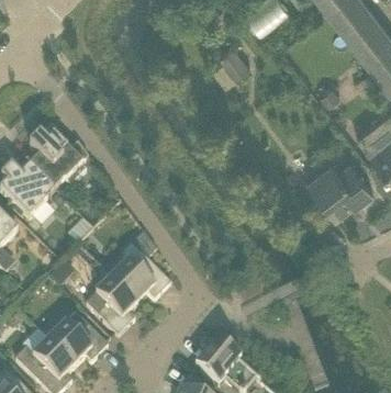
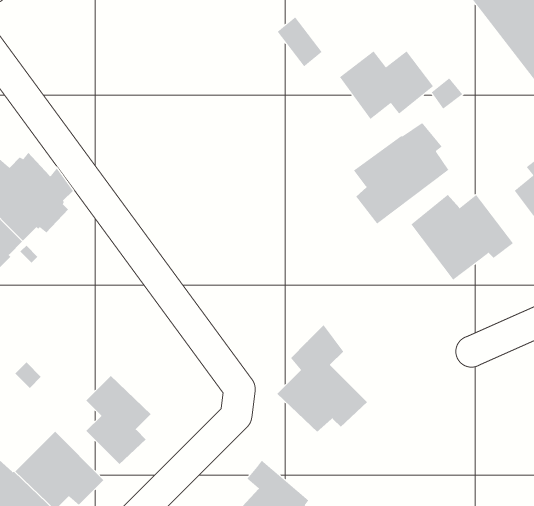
building: none -> [339,50,434,120]
building: none -> [353,122,449,225]
building: [109,231,168,301] -> [276,324,368,433]

